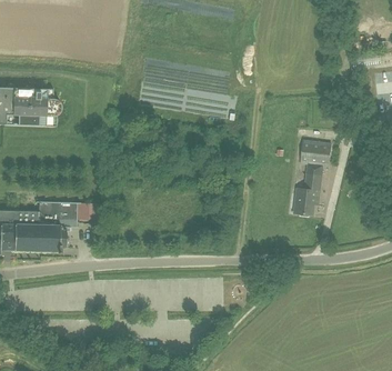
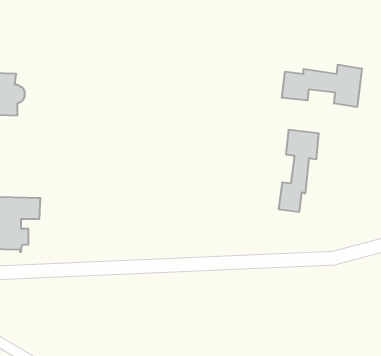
building: none -> [282,65,362,107]

